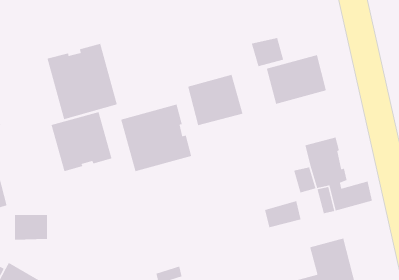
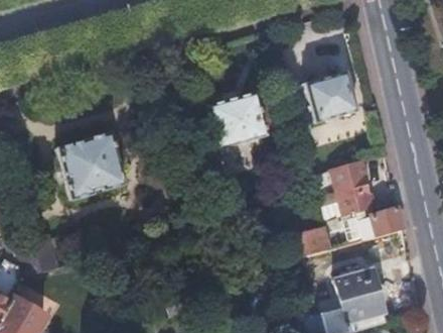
building: [251,37,284,67] -> none
building: [47,43,118,120] -> none
building: [120,103,192,172] -> none

